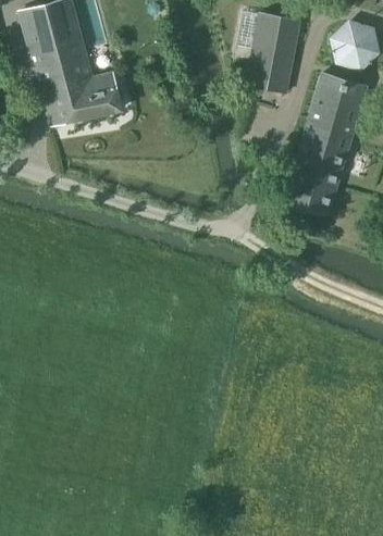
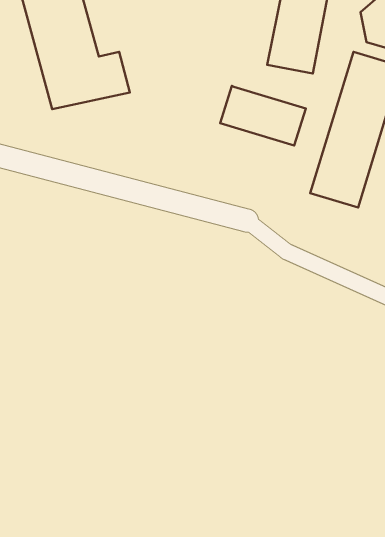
building: none -> [220,86,306,146]

